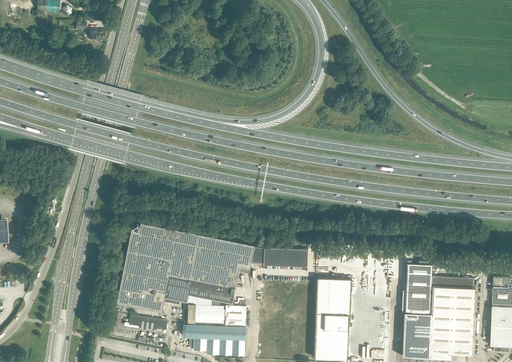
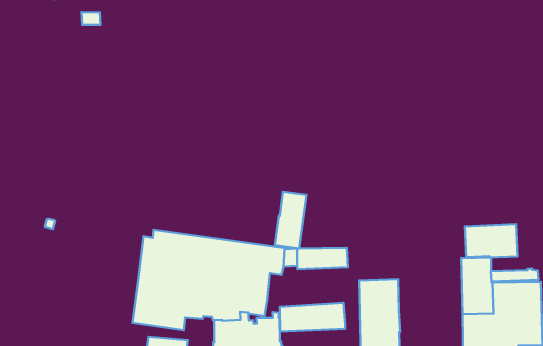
building: none -> [275,192,306,249]
building: none -> [465,224,517,257]
building: none -> [280,303,345,331]

